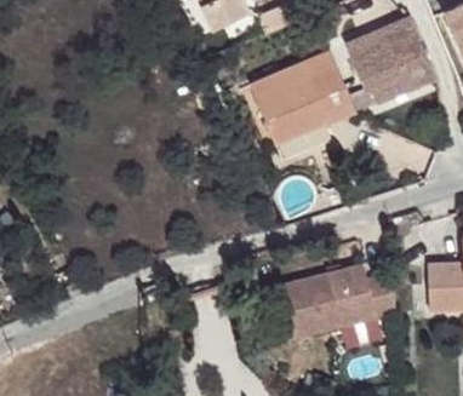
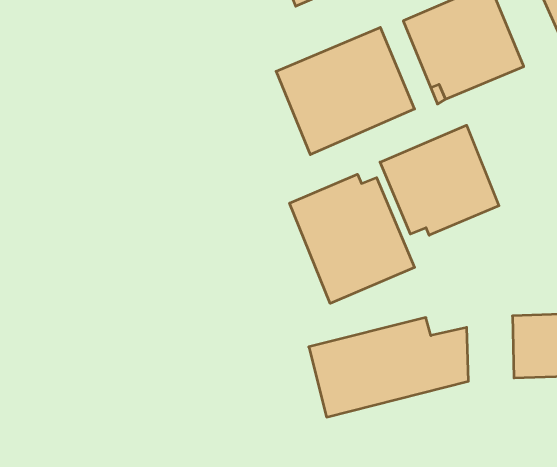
building: none -> [380,125,499,235]
building: none -> [290,174,415,303]

